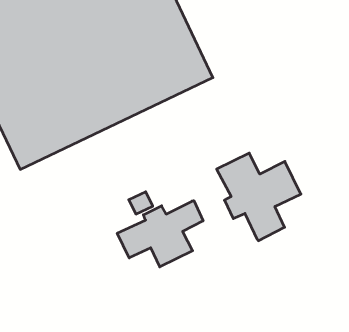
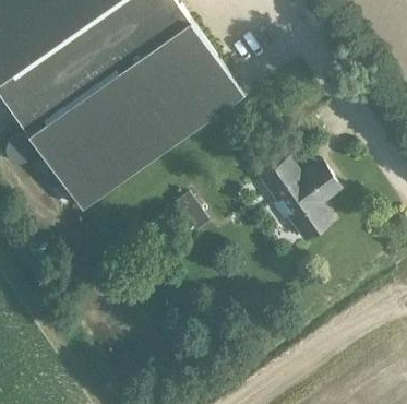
building: [117,201,203,267] -> none

